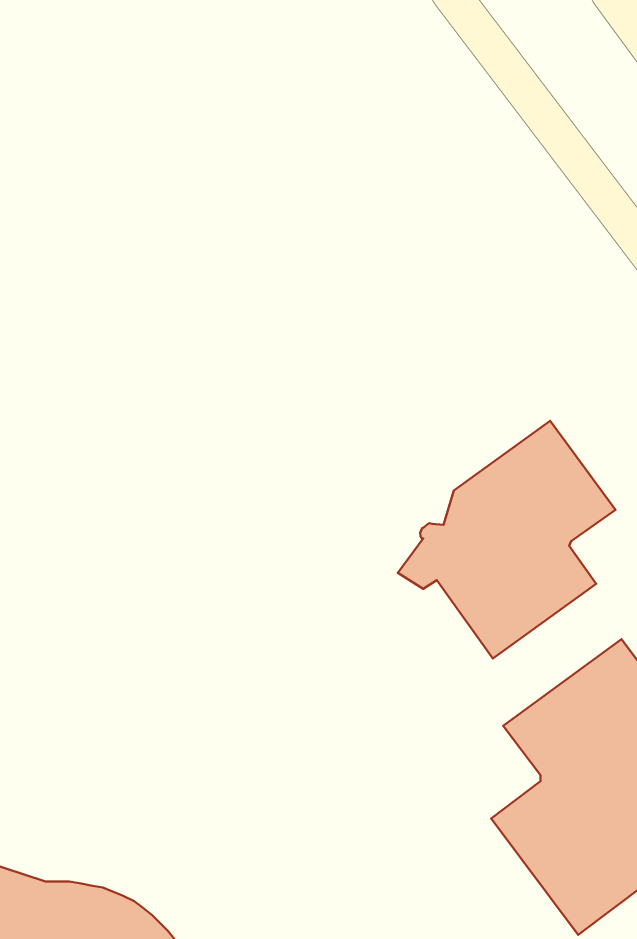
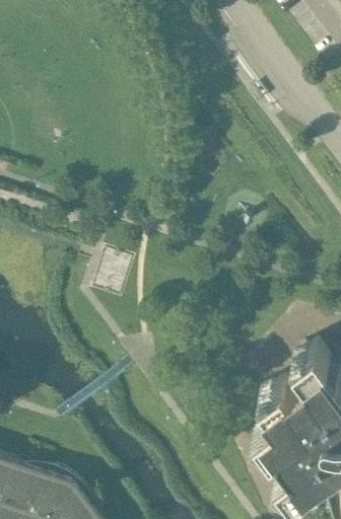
building: [398,421,615,659] -> none

